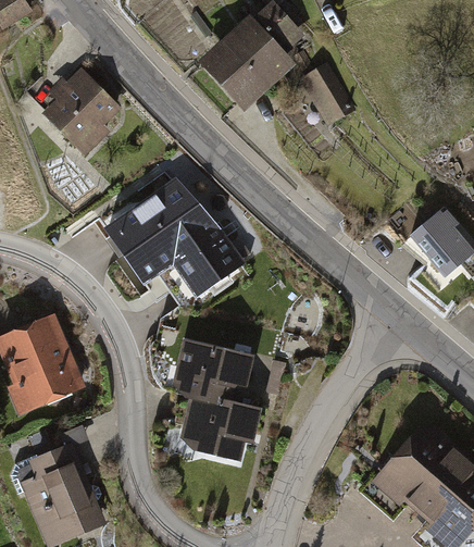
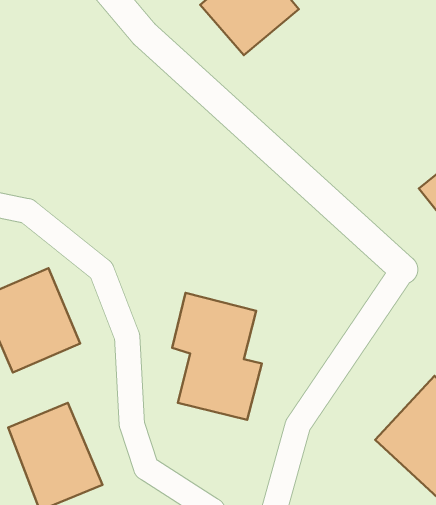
building: [301,63,353,124] -> none
building: [38,65,122,149] -> none
building: [108,183,247,301] -> none

